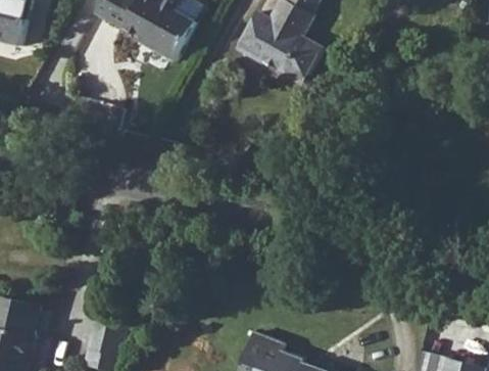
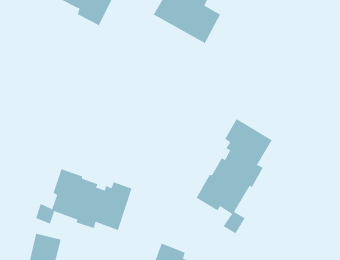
building: none -> [196,118,273,234]
building: none -> [36,168,132,231]

